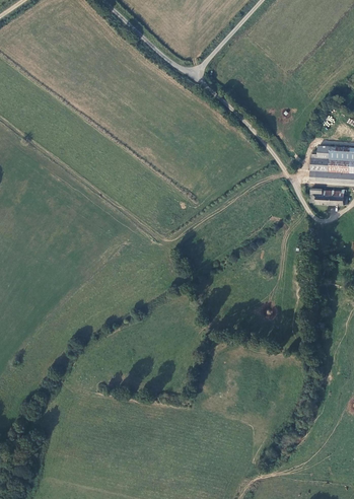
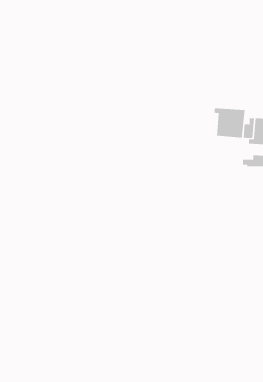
building: none -> [214,108,245,138]

